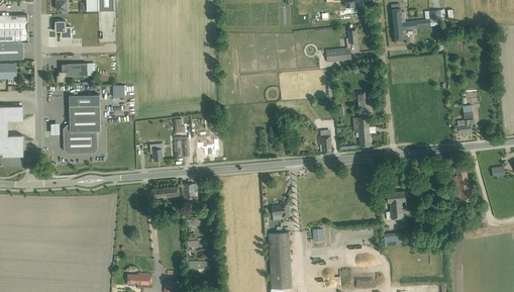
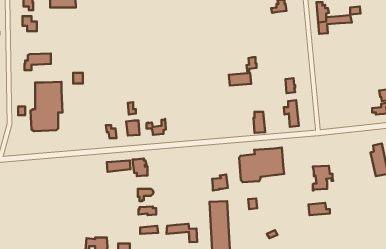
building: [325,29,356,62] -> [229,57,256,86]
building: none -> [239,148,284,182]
building: none -> [167,224,197,242]

